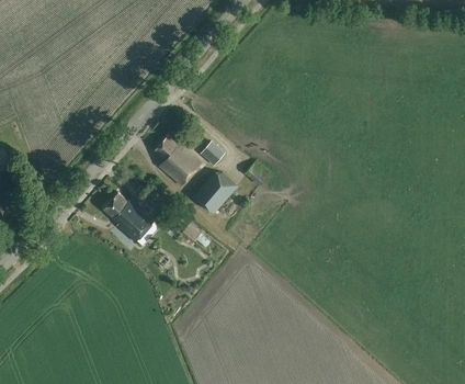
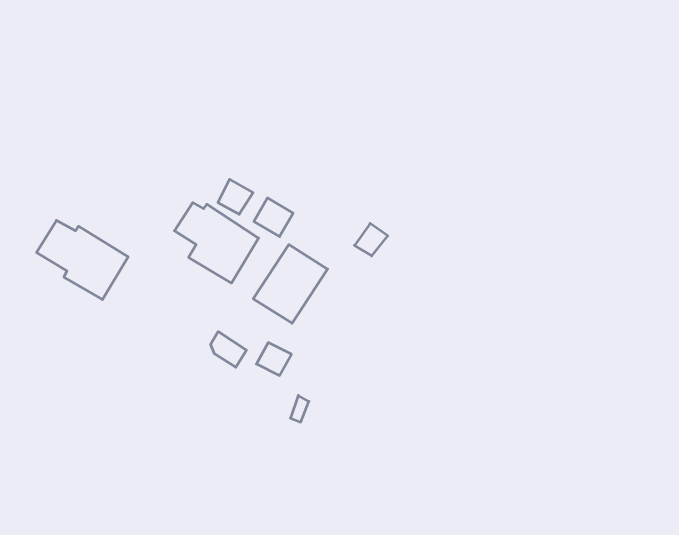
building: [103,192,155,241] -> [37,220,128,300]

